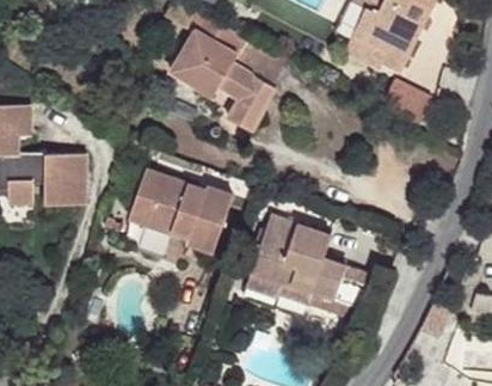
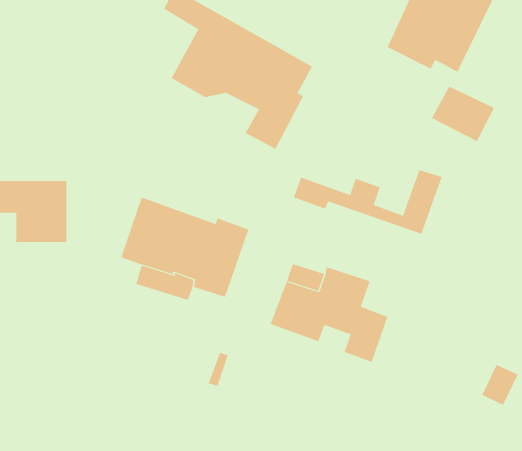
building: [244,264,364,317] -> [293,169,443,235]

